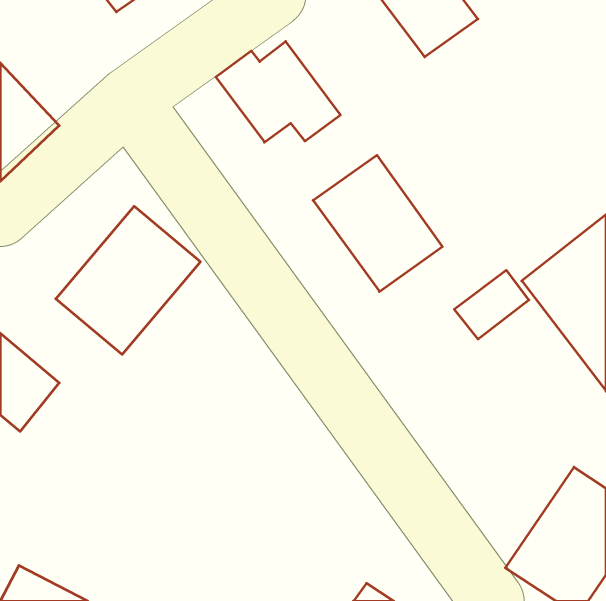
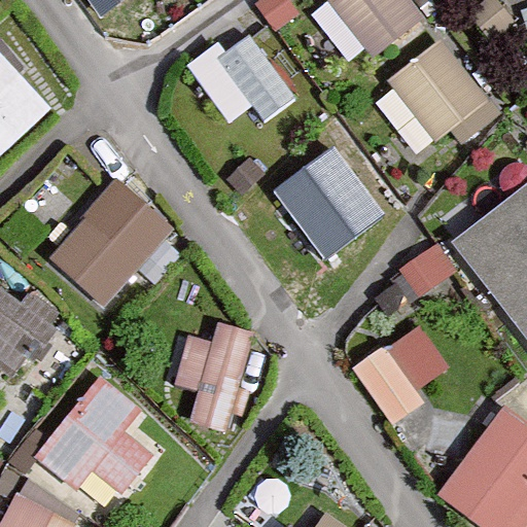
building: none -> [386,40,483,140]
building: none -> [178,320,255,435]
building: none -> [353,324,450,427]
building: none -> [36,380,151,493]

